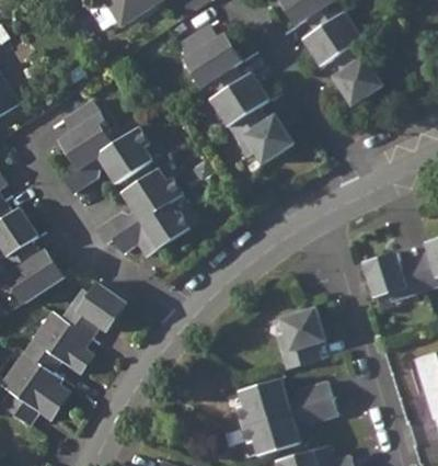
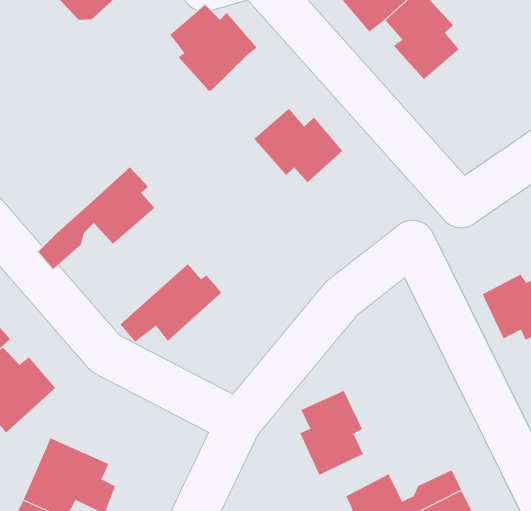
building: [201,67,264,126] -> none
building: [59,104,111,170] -> none
building: [93,173,177,247] -> none
building: [59,284,123,338] -> none
building: [280,309,325,366] -> [299,390,364,476]

